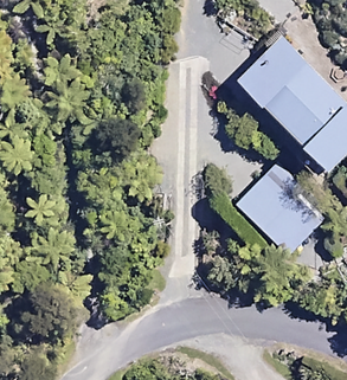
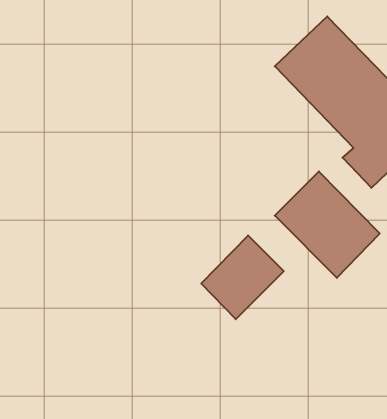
building: none -> [201,235,284,319]

